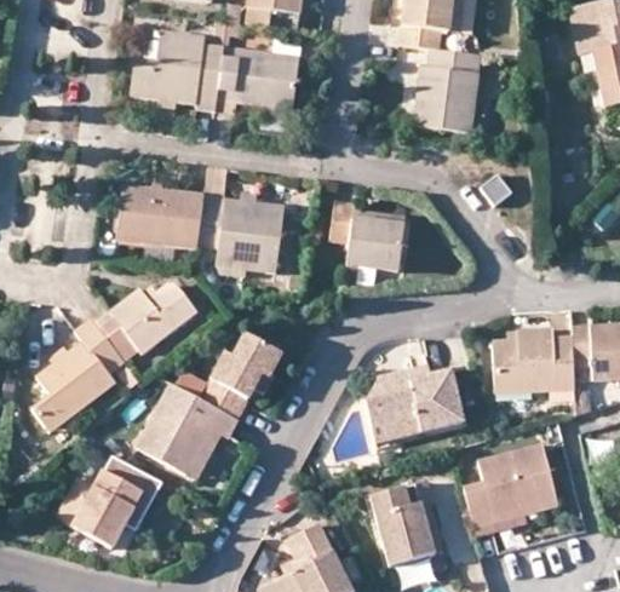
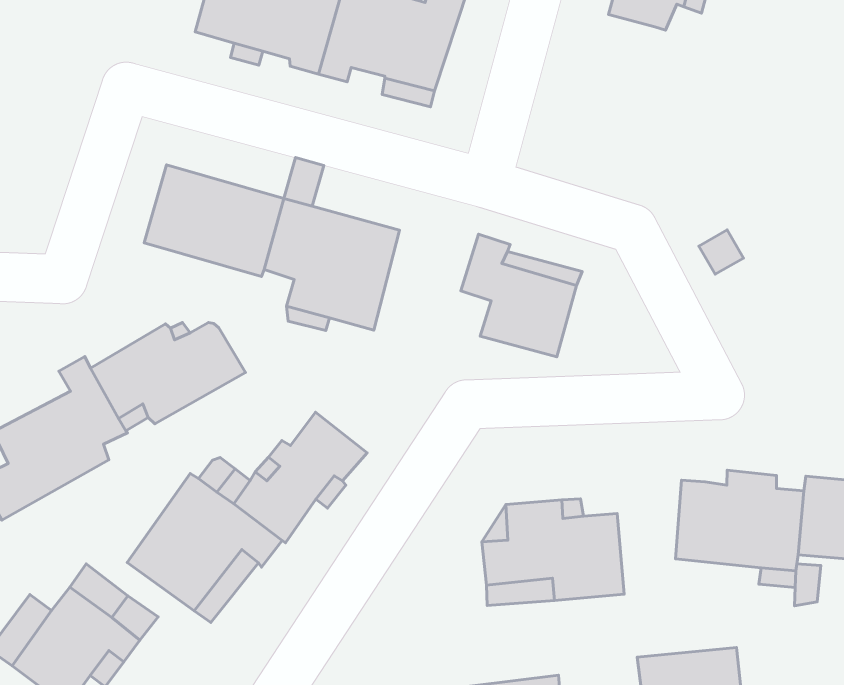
building: [413,47,480,133] -> none

